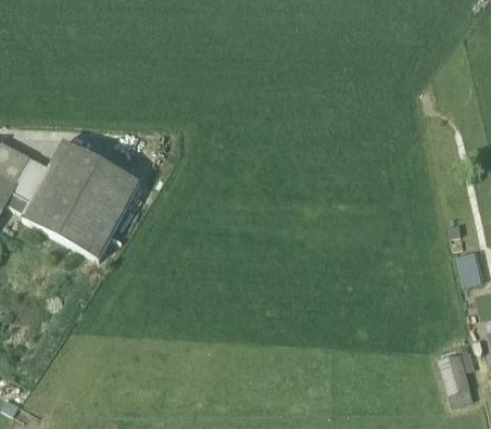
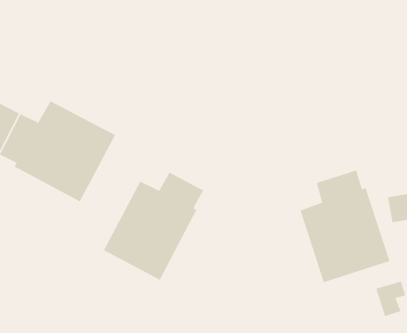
building: none -> [300,170,391,283]
building: none -> [103,172,204,281]

